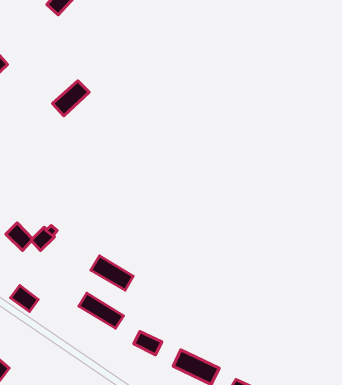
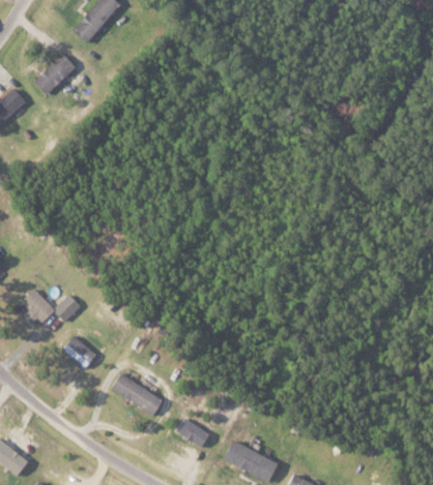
building: [53,81,89,116] -> [33,54,77,95]
building: [91,256,133,290] -> none
building: [10,285,38,312] -> [64,338,97,369]

